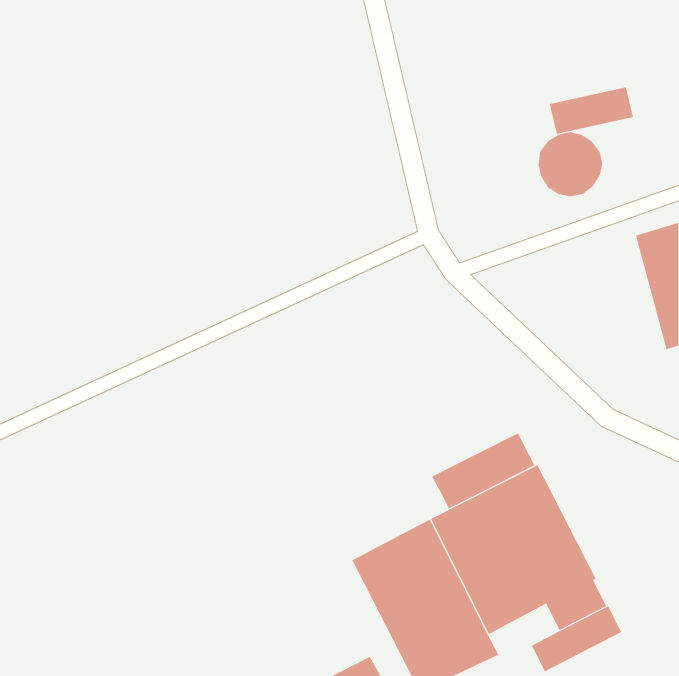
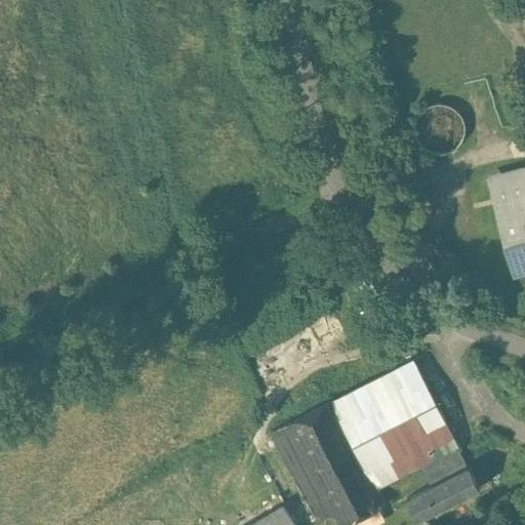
building: [549,86,634,135] -> none
building: [432,433,535,509] -> none

